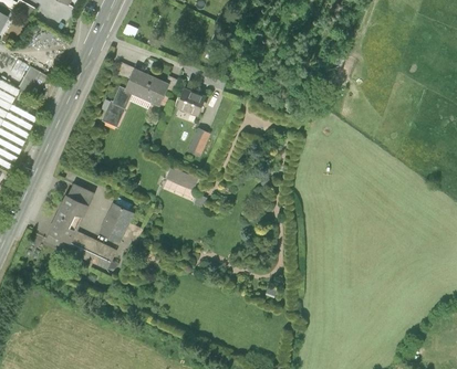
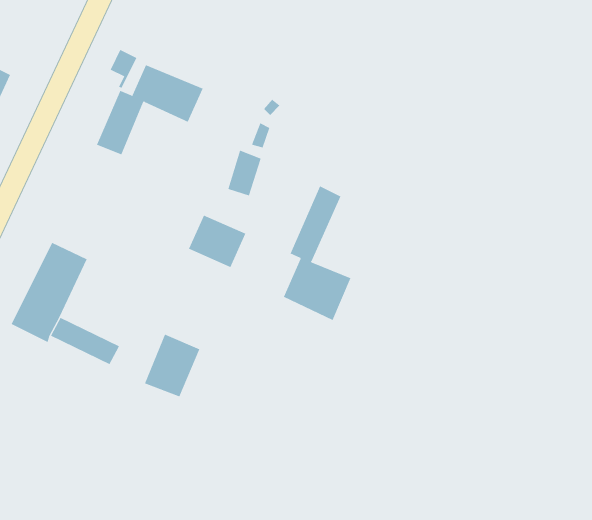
building: [176,89,206,116] -> none
building: none -> [283,186,351,321]
building: [97,203,134,244] -> [144,334,200,397]

